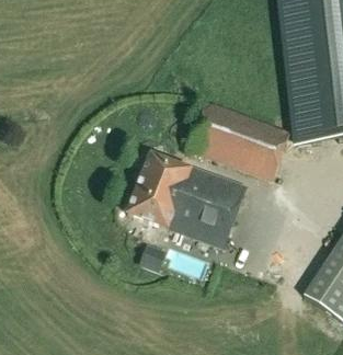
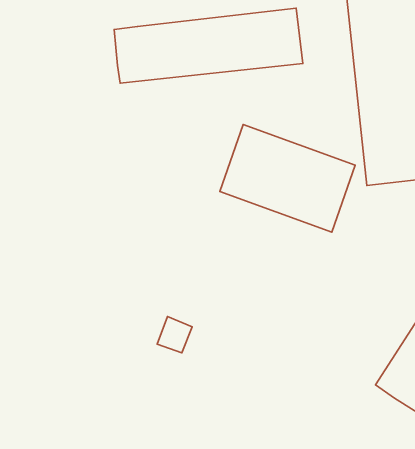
building: none -> [114,8,303,83]
building: [126,150,242,245] -> none

